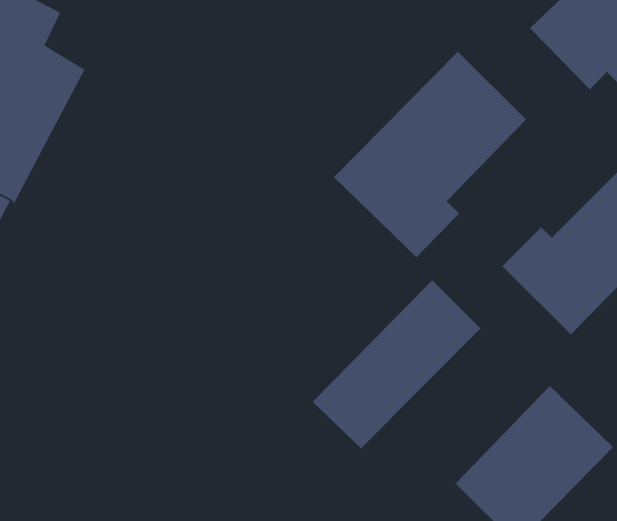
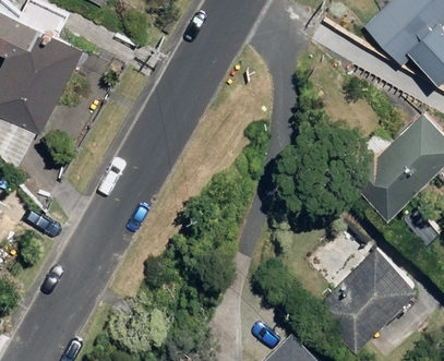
building: [333,51,527,258] -> none
building: [312,279,481,449] -> none

